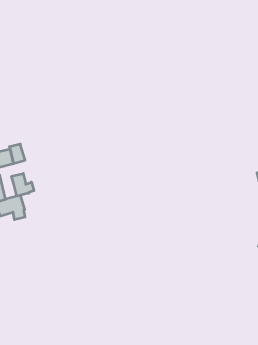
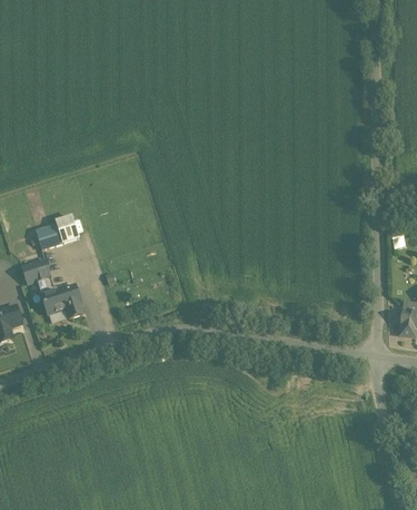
building: [12,173,34,196] -> none

